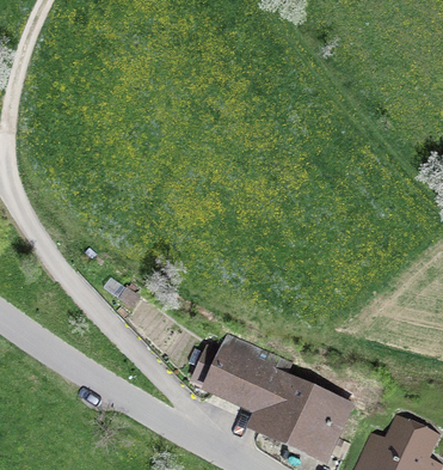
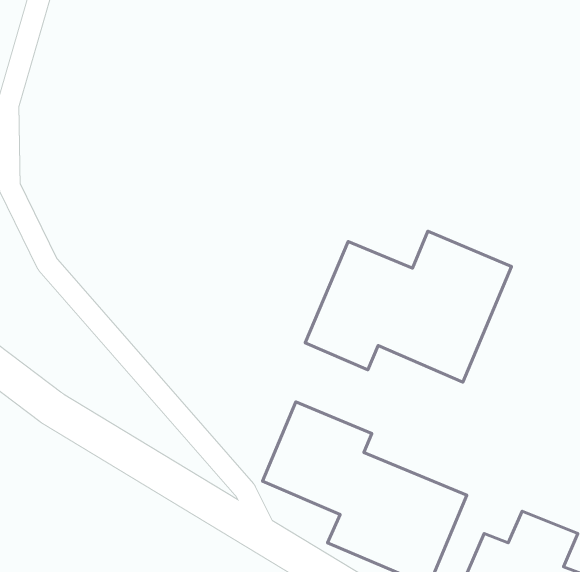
building: none -> [305,231,512,382]

